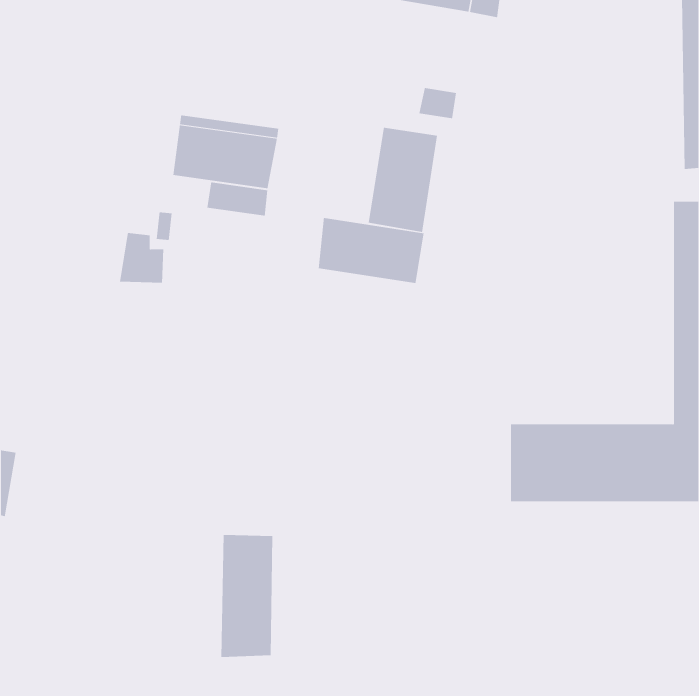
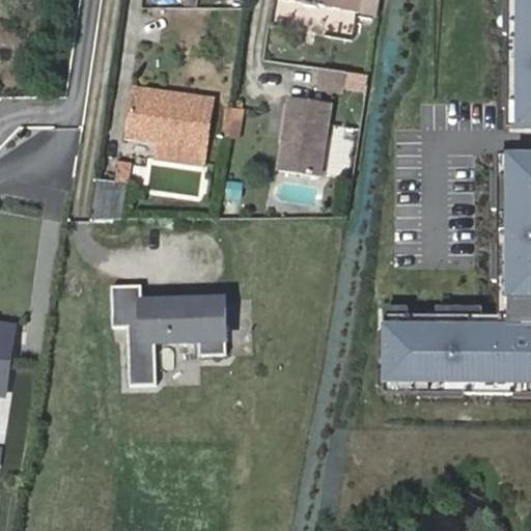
building: [318,217,424,284] -> none
building: none -> [112,281,224,382]
building: [221,534,273,658] -> none

